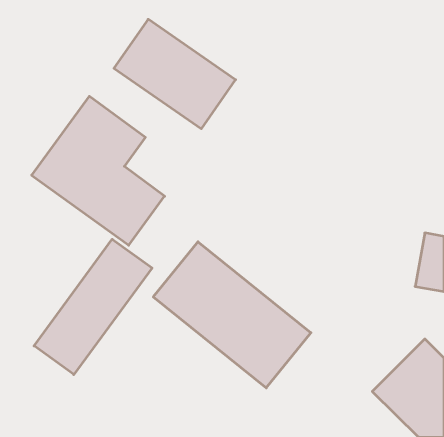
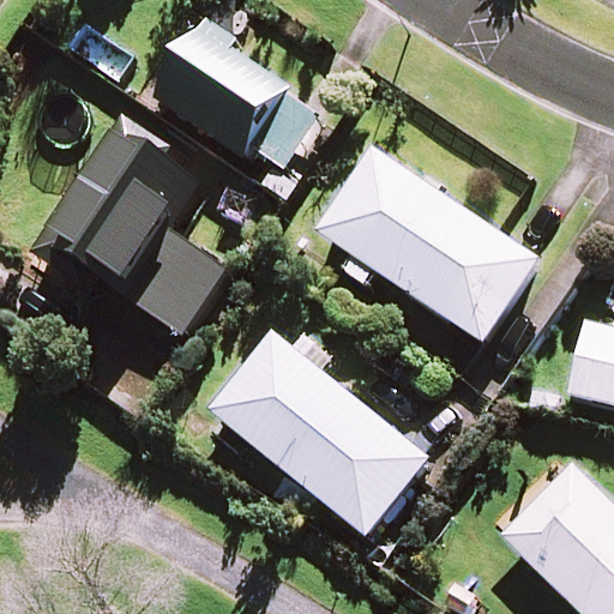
building: none -> [317,145,536,338]
building: [34,239,152,375] -> none

